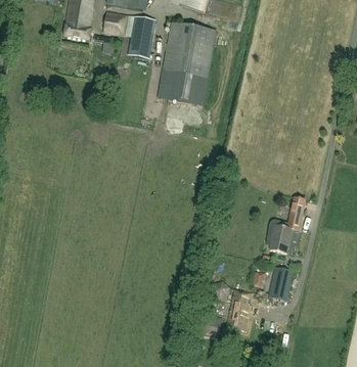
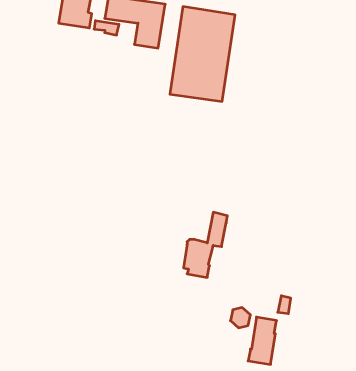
building: [267,196,305,253] -> [184,212,227,277]
building: [269,267,293,300] -> none

